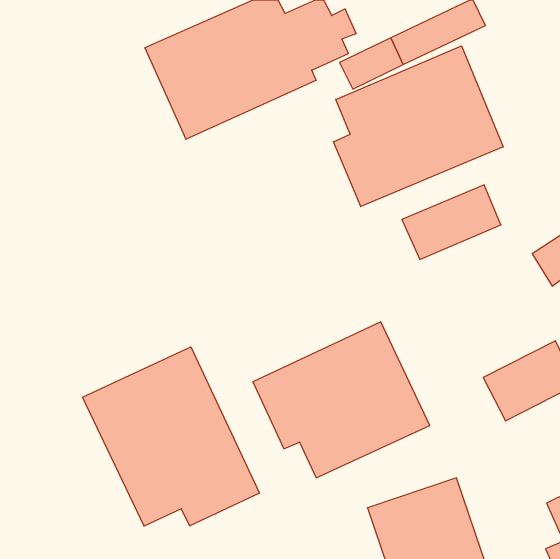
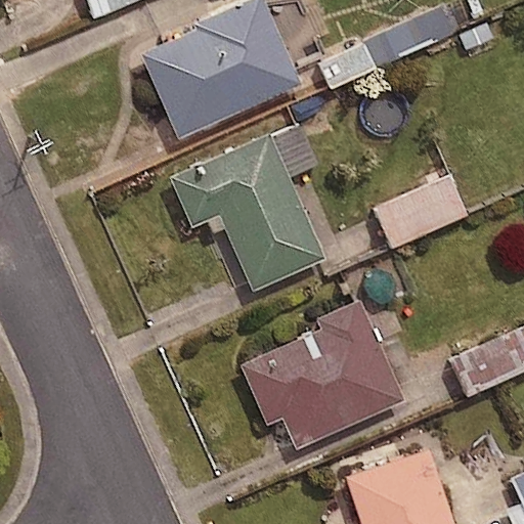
building: [333,46,503,207] -> none
building: none -> [172,135,322,289]
building: [83,347,259,526] -> none

